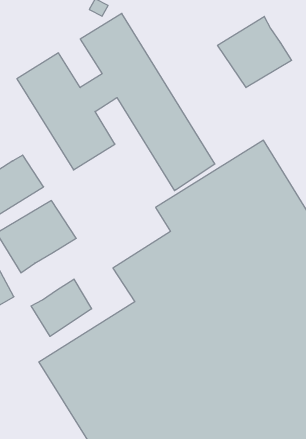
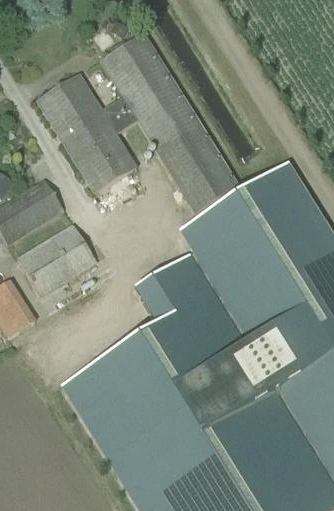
building: [218,16,292,88] -> none
building: [31,279,92,336] -> none

